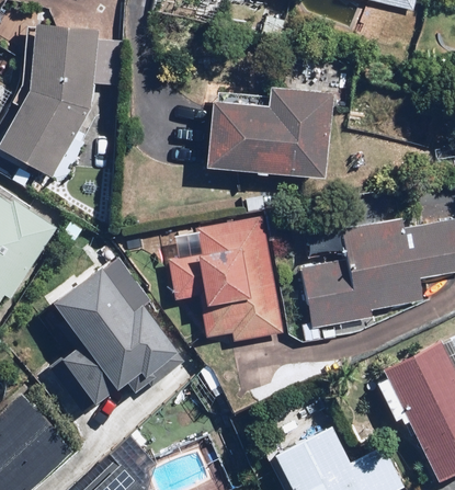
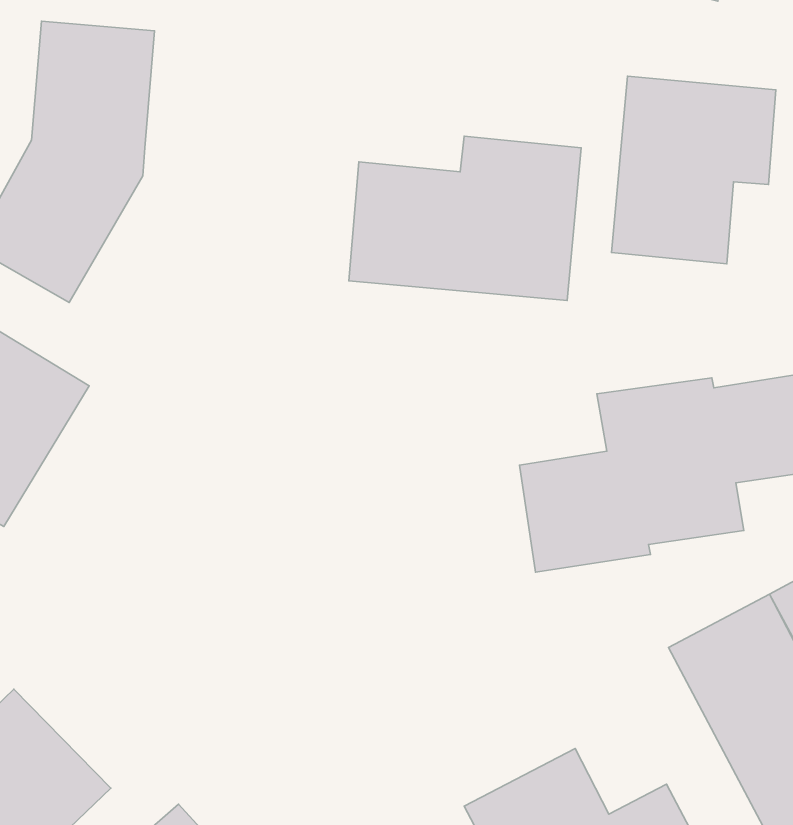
building: none -> [611,76,776,264]
building: [159,215,280,338] -> none
building: [50,257,184,412] -> none

